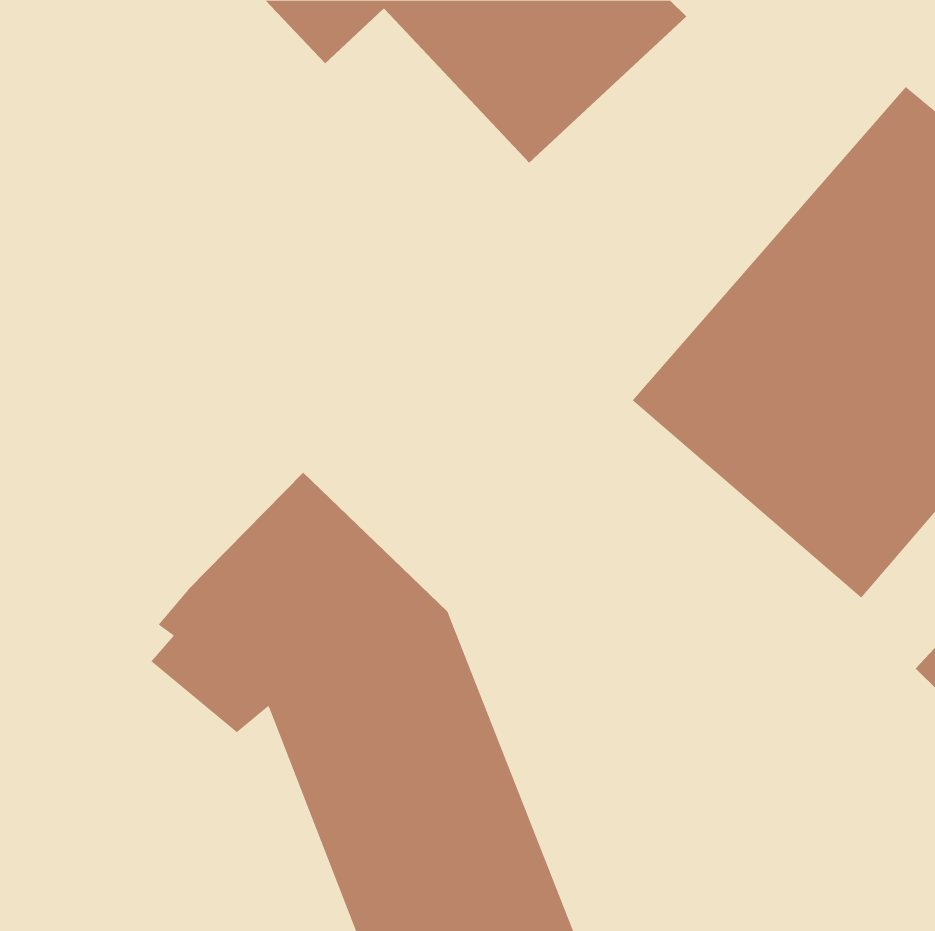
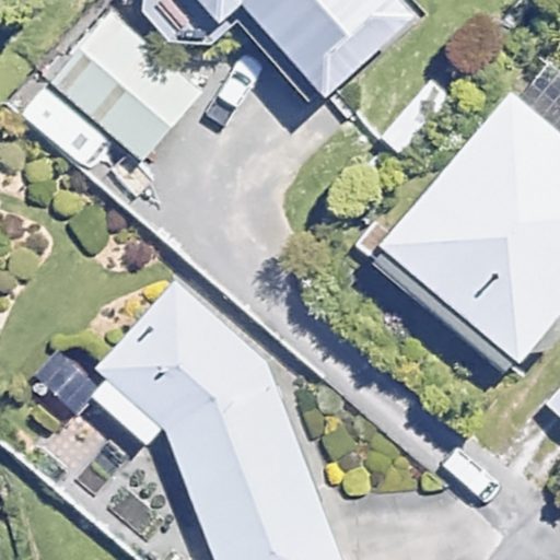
building: none -> [56,18,203,162]

